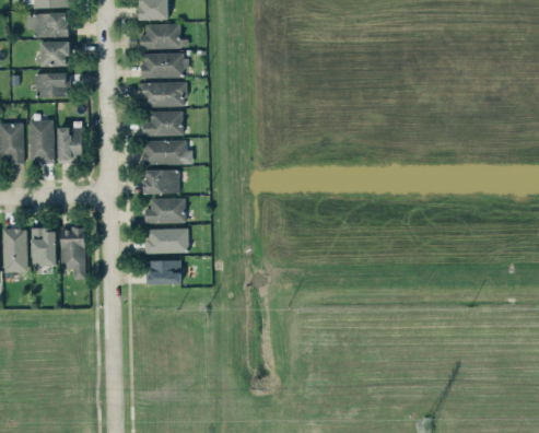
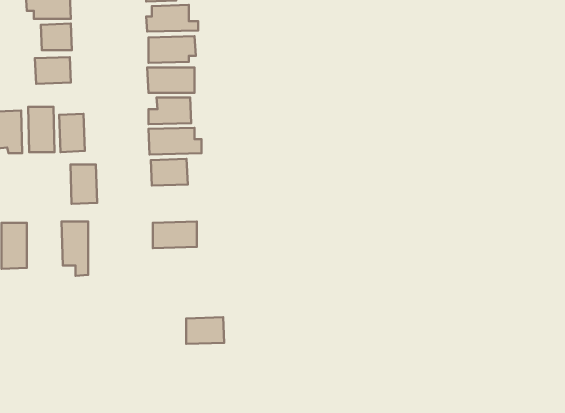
building: [144,197,185,223] -> none
building: [32,229,57,266] -> [70,165,97,204]
building: [145,259,181,284] -> [186,317,224,344]

